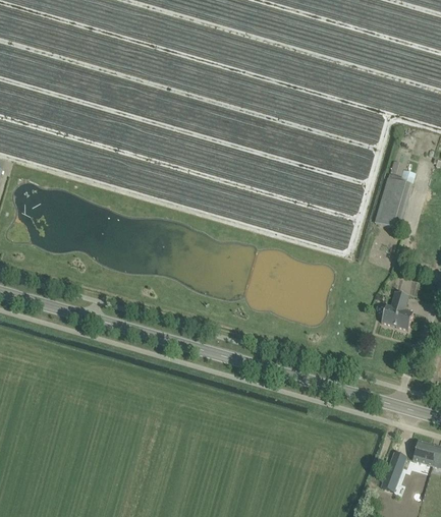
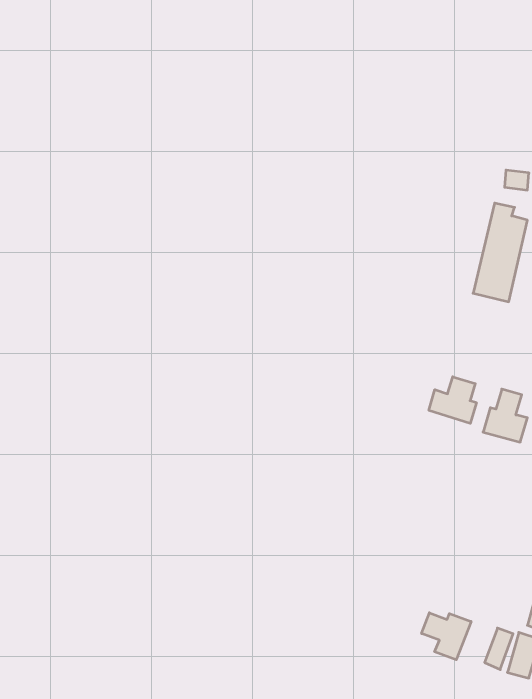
building: none -> [429,377,476,423]
building: none -> [422,613,471,660]

